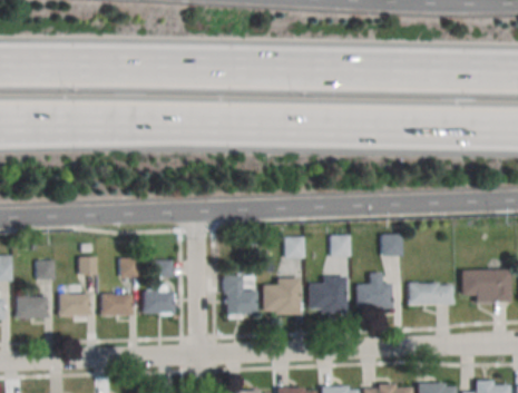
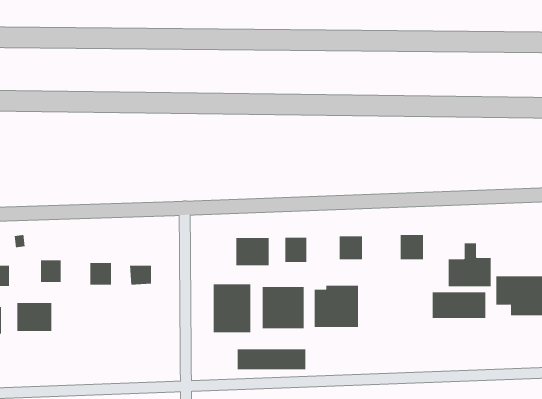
building: none -> [236,237,269,266]
building: [355,273,392,310] -> [448,243,492,287]
building: [144,285,173,314] -> none
building: [101,294,131,315] -> none
building: none -> [237,349,306,370]

